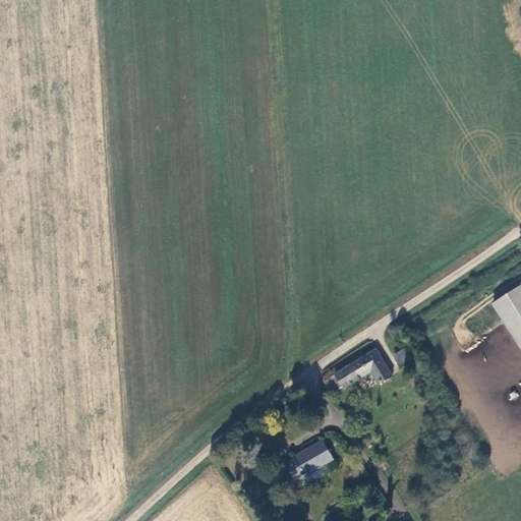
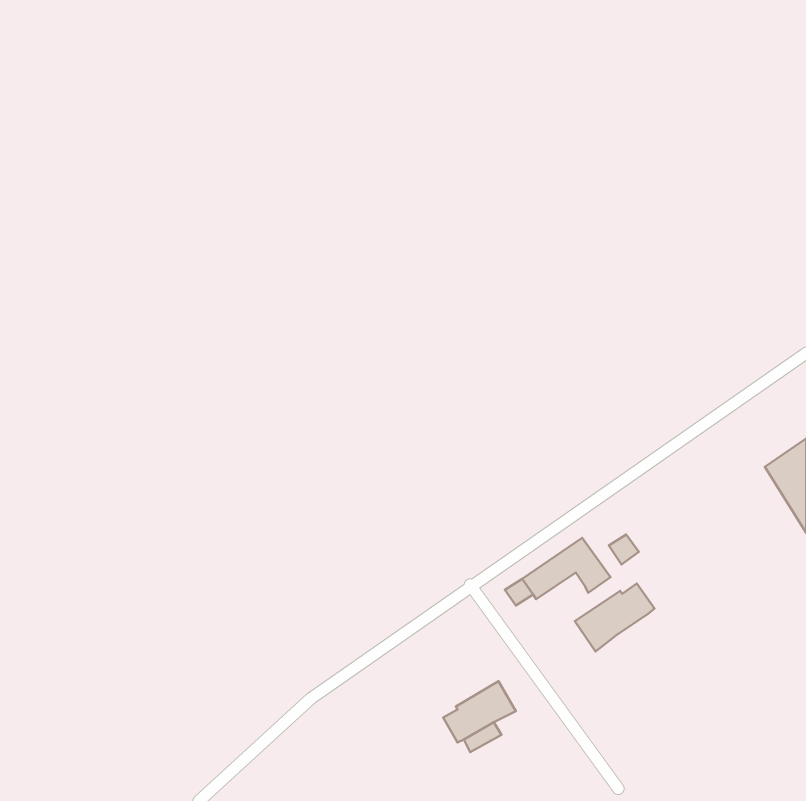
building: none -> [575,584,655,652]

